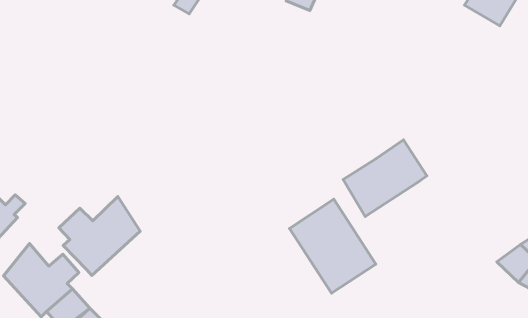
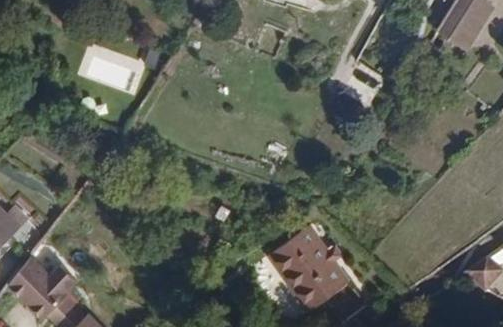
building: [343,140,427,217] -> none
building: [59,196,140,276] -> none

